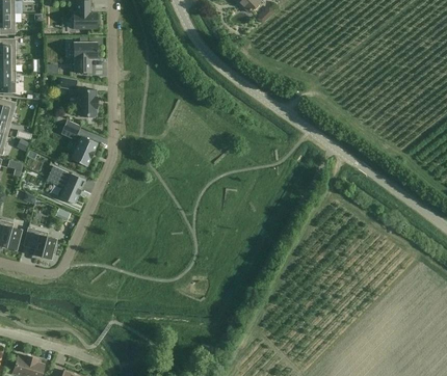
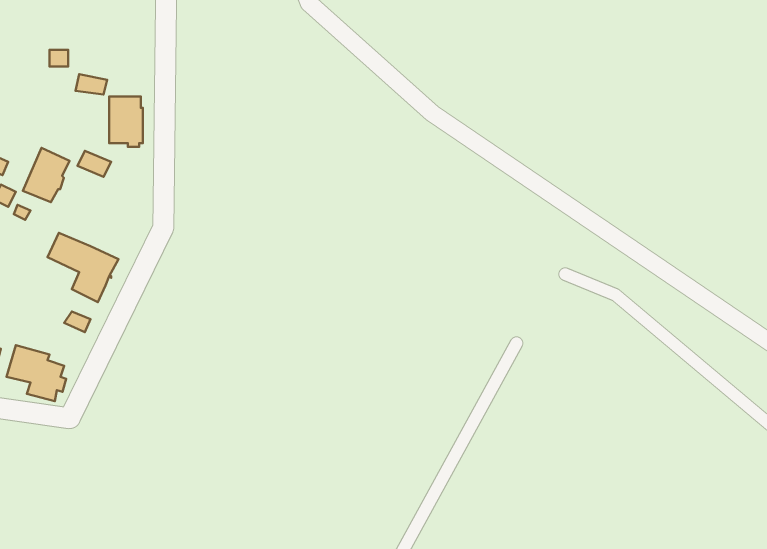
building: [72,42,96,72] -> none
building: [70,135,96,165] -> [23,148,69,202]

